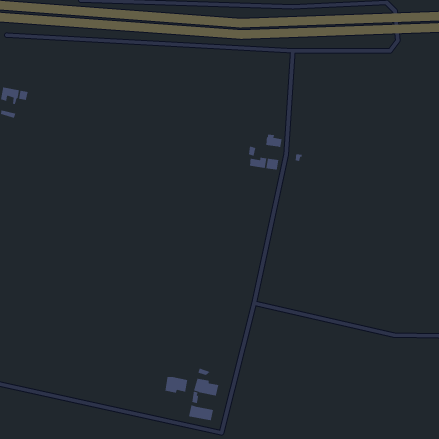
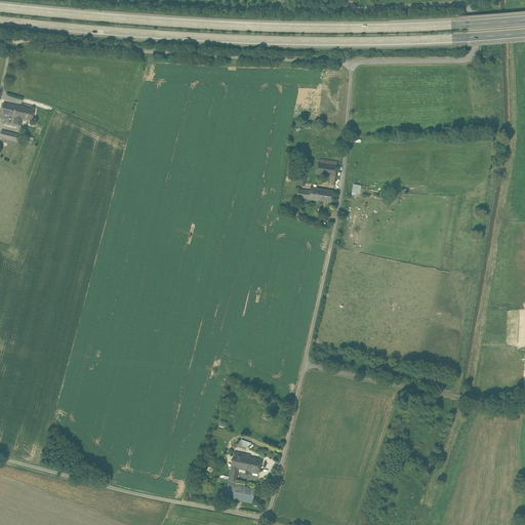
building: [165,376,188,393] -> none

